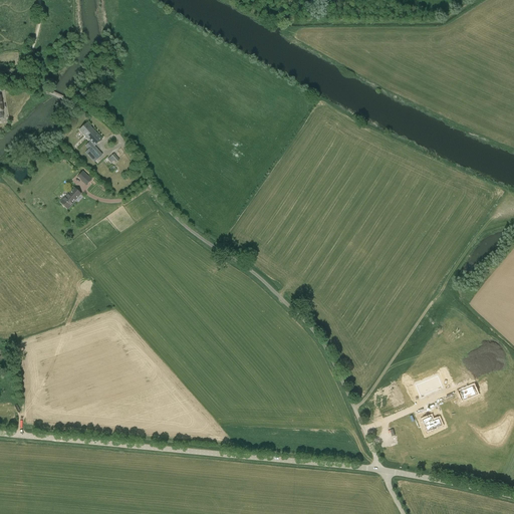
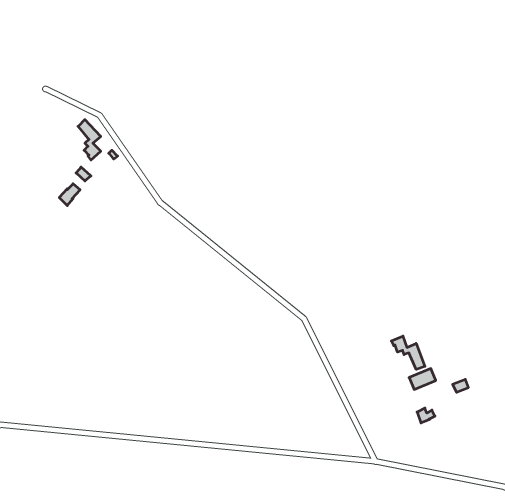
building: none -> [391,336,425,369]

